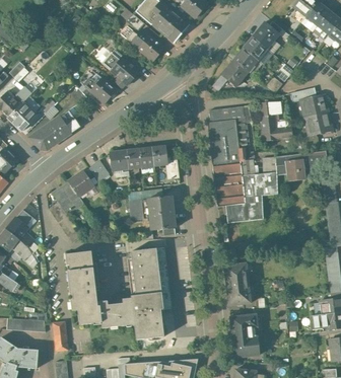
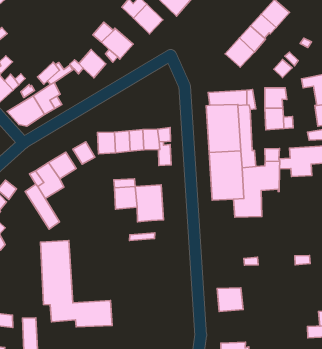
building: [130,247,172,338] -> none
building: [224,263,248,286] -> none
building: [230,315,257,334] -> none

